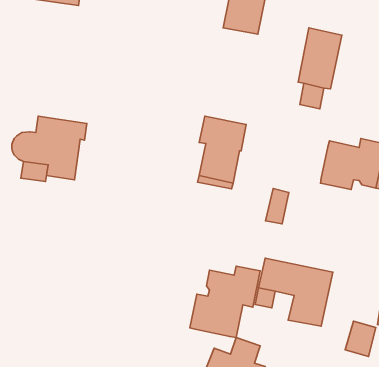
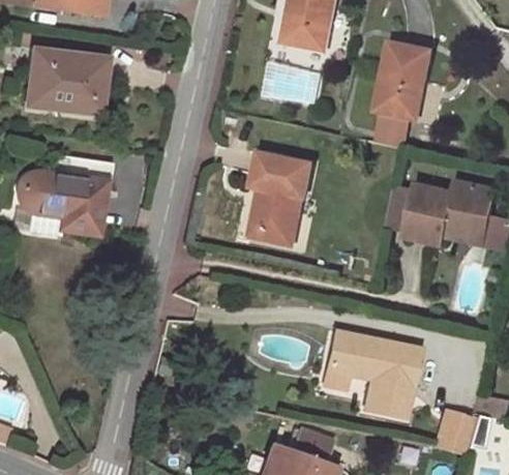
building: none -> [26,49,107,114]
building: [266,188,289,224] -> [385,186,414,231]
building: [190,266,260,338] -> none

